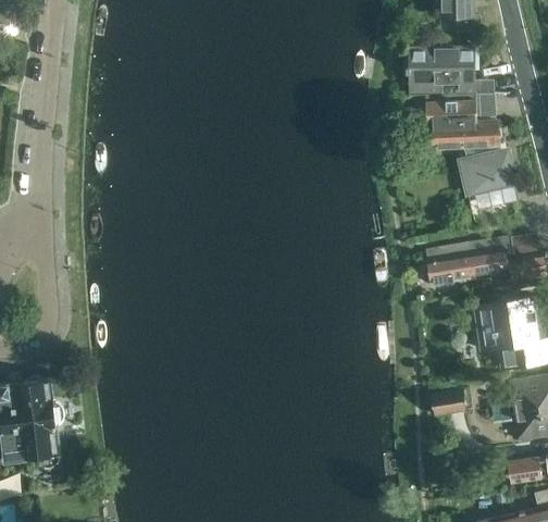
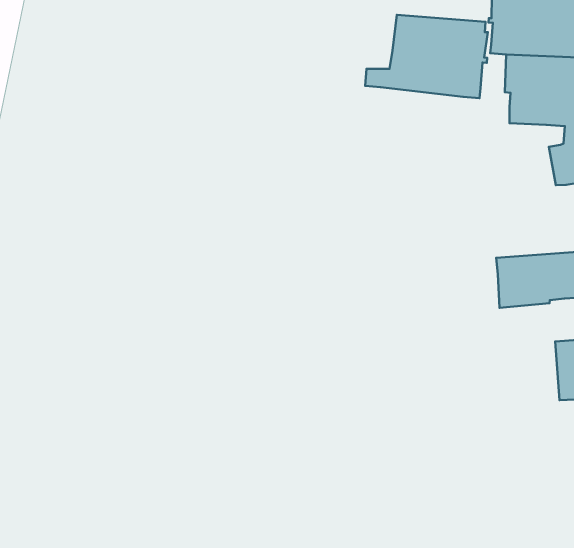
building: none -> [365,15,488,98]
building: [432,388,466,415] -> none

